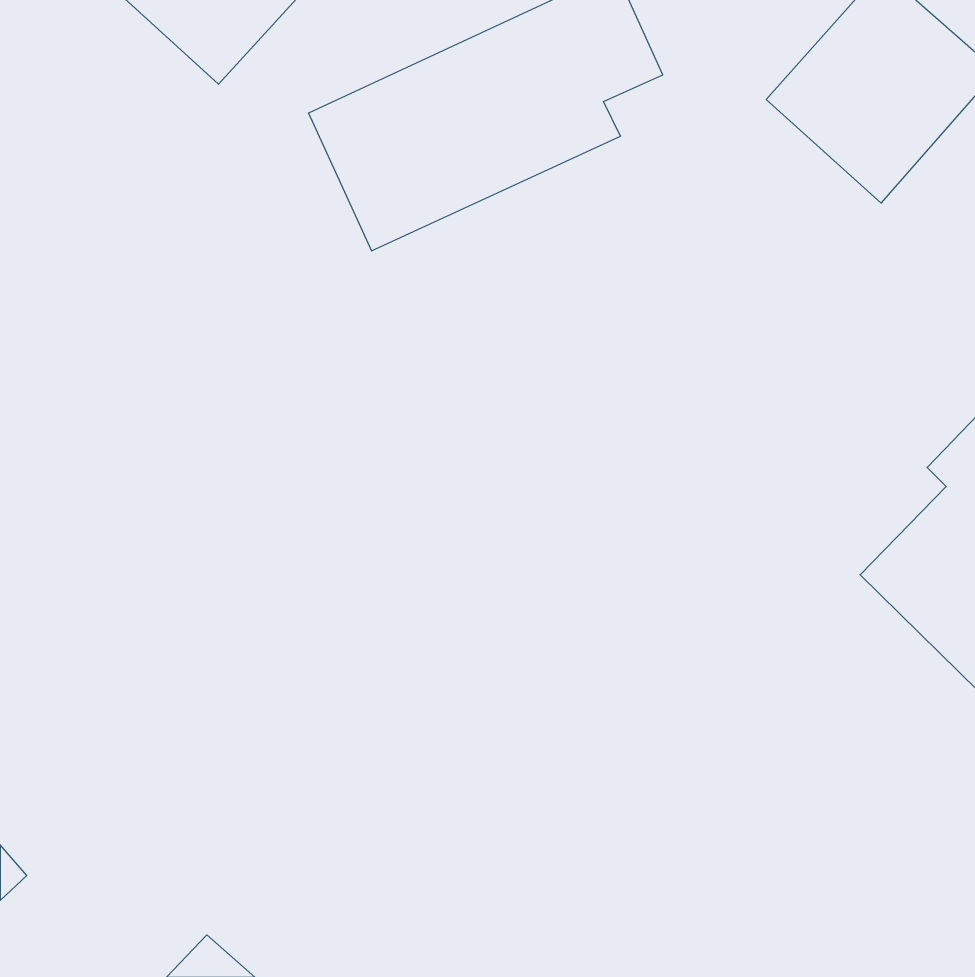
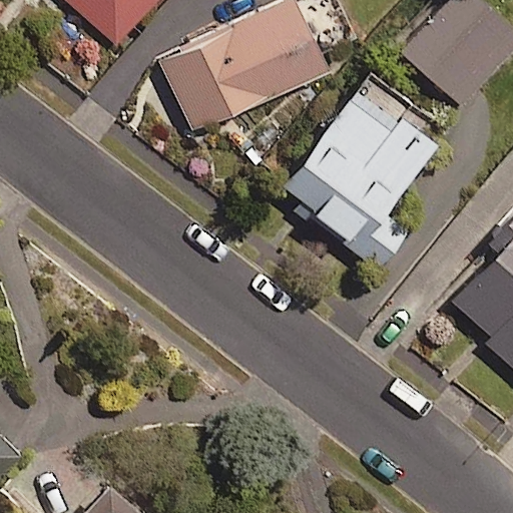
building: none -> [281,87,436,268]

